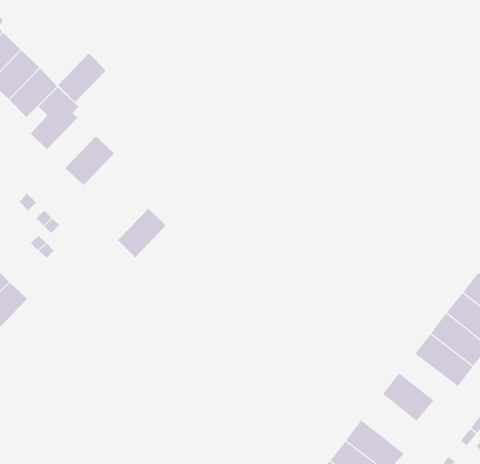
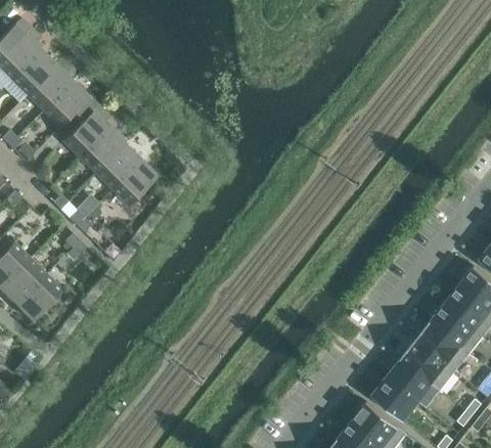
building: [57,53,107,103] -> [79,125,124,171]
building: [117,208,166,258] -> [113,158,158,204]
building: none -> [401,341,455,390]
building: none -> [371,377,417,420]

